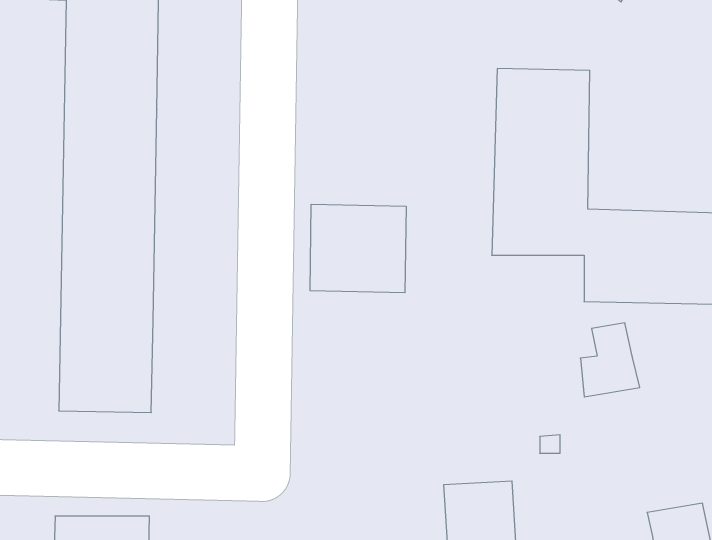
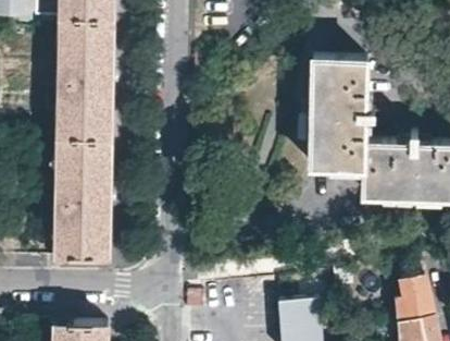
building: [310,204,406,293] -> none
building: [580,323,640,397] -> [398,277,433,320]

